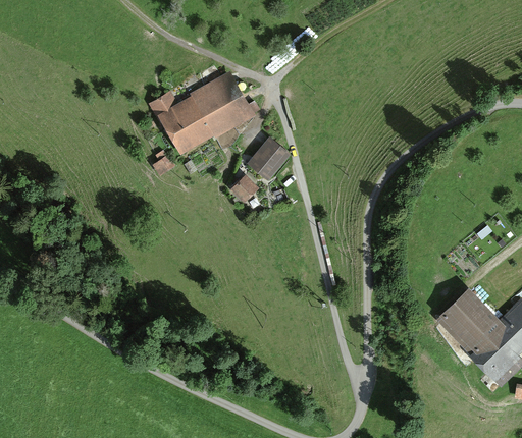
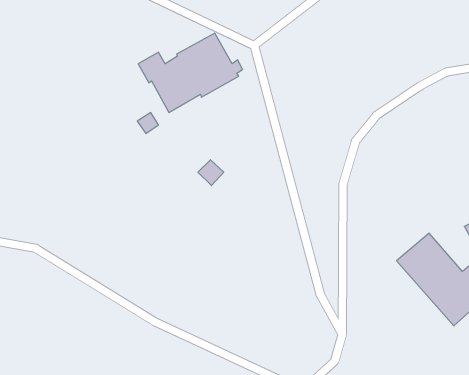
building: [249,139,290,180] -> none
building: [228,173,256,201] -> [198,160,224,186]

